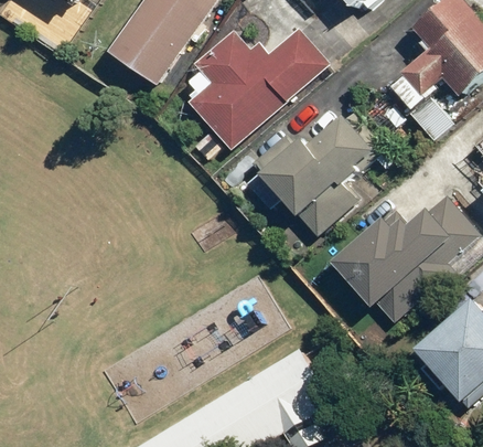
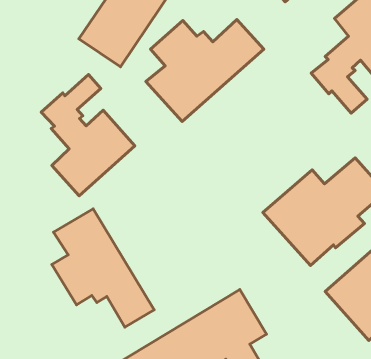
building: none -> [41,75,135,196]
building: [255,111,384,236] -> none
building: none -> [52,209,154,327]

